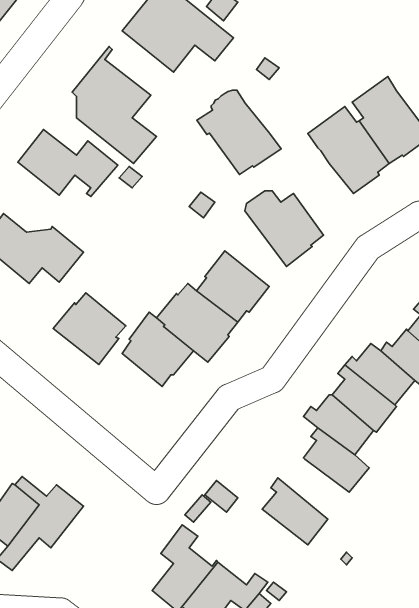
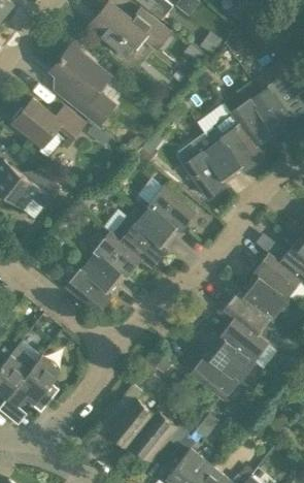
building: [197,90,281,174] -> [203,115,264,175]
building: [53,293,126,364] -> [65,261,117,313]
building: none -> [201,337,254,382]

